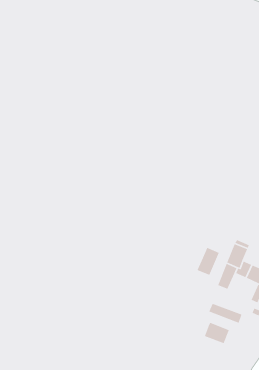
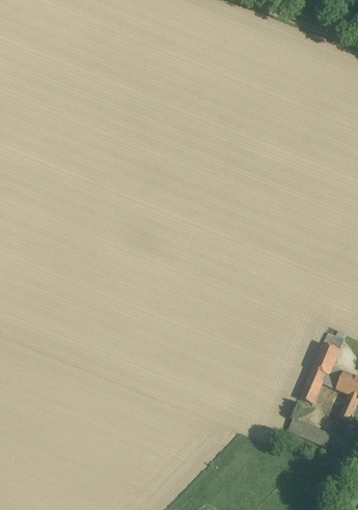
building: [197,247,220,276] -> none
building: [204,322,230,344] -> none

